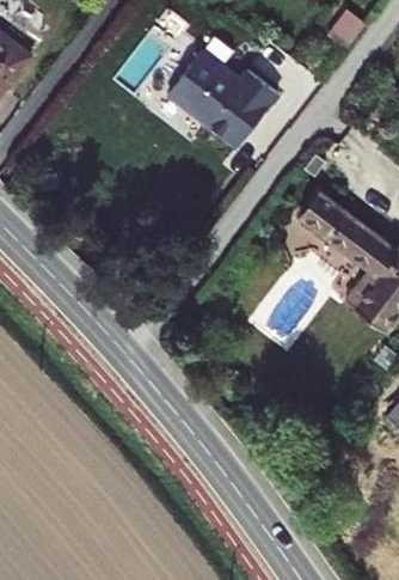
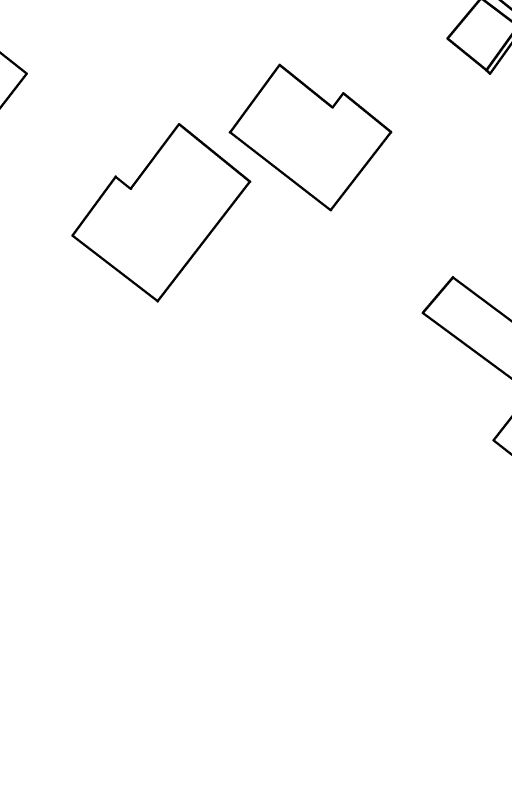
building: none -> [73,124,250,301]

